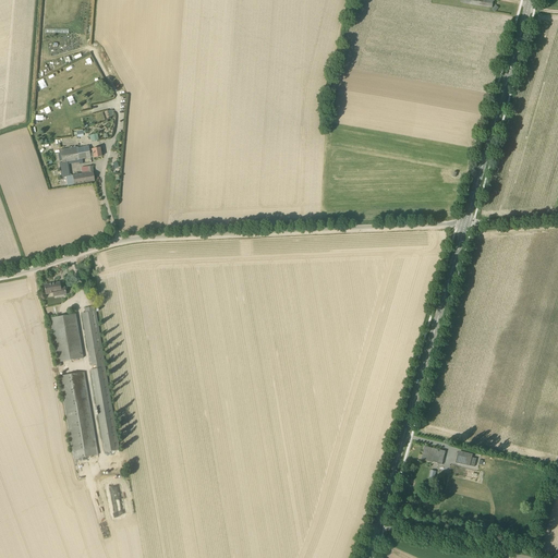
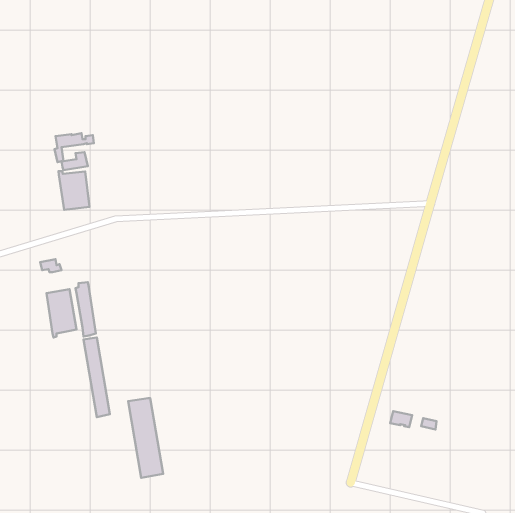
building: none -> [59,171,89,210]
building: [60,371,98,457] -> [128,398,163,478]

